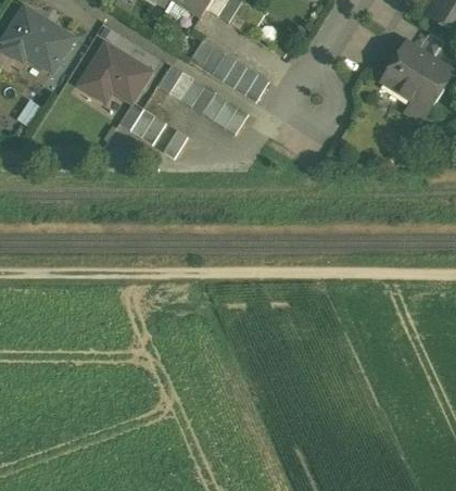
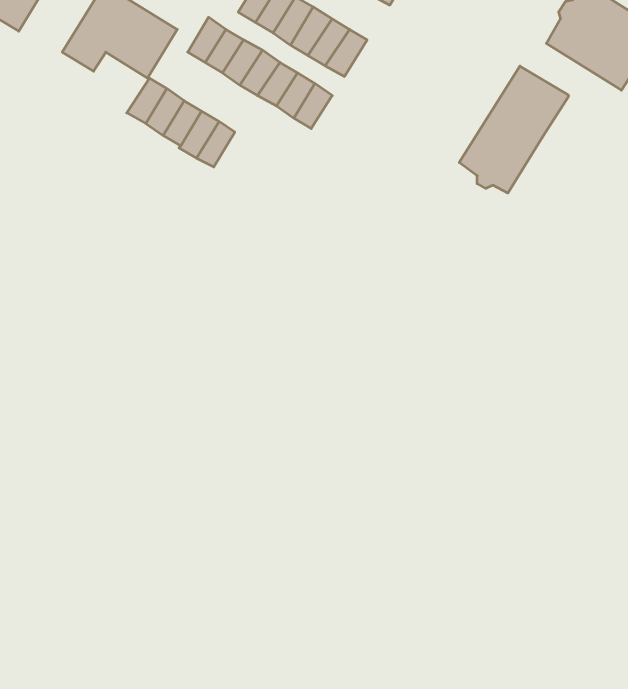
building: none -> [459,66,568,193]

